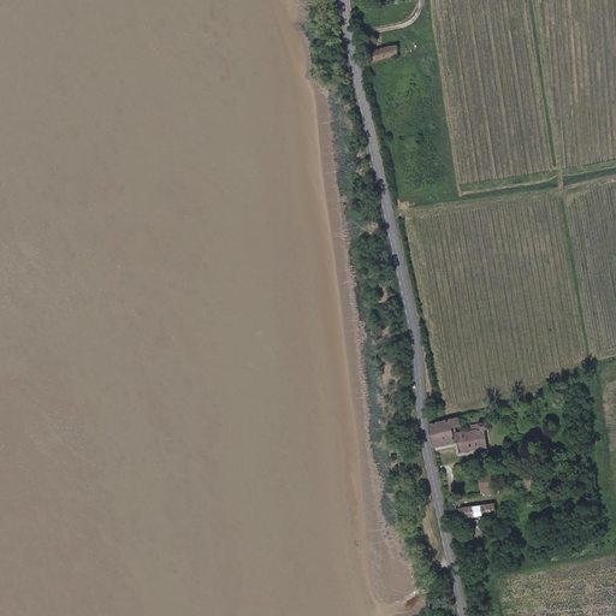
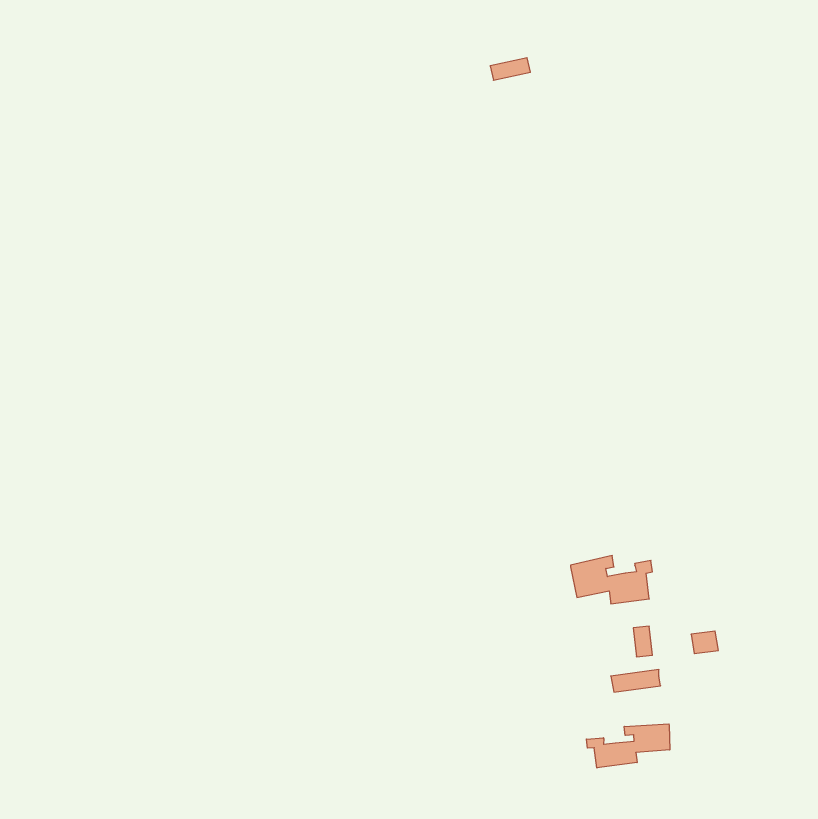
building: none -> [586,724,670,768]

